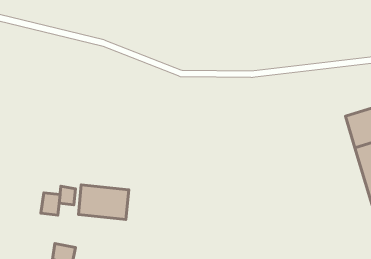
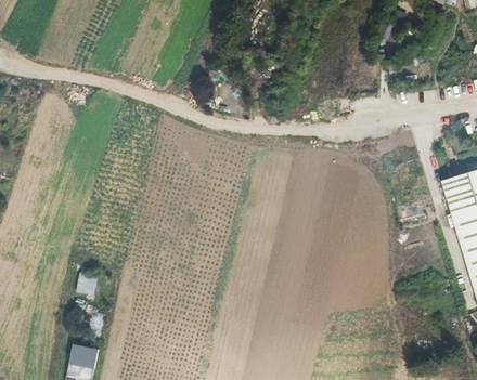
building: [78,185,129,220] -> none
building: [41,193,60,215] -> none

